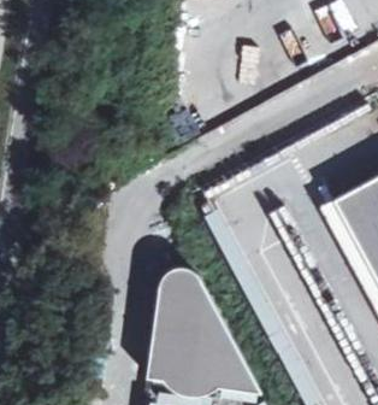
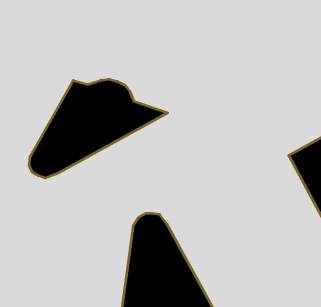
building: none -> [29,79,168,178]

